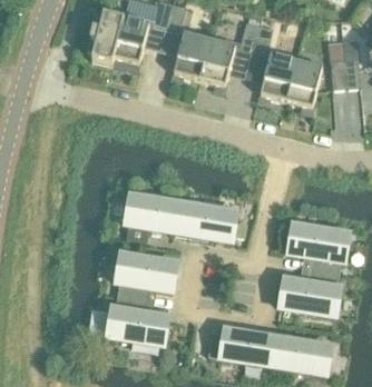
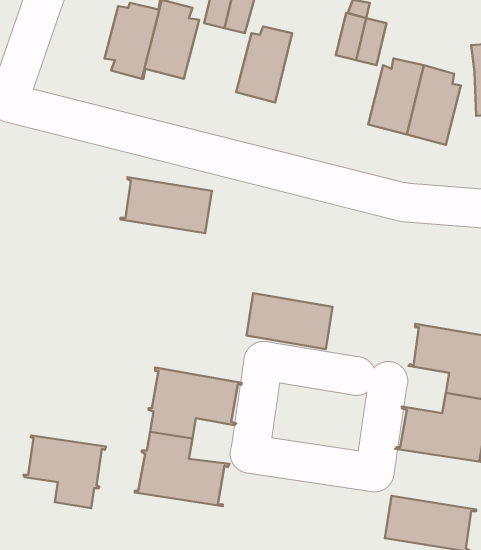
building: [199,33,235,86] -> none
building: [125,196,185,232] -> [121,177,212,233]
building: none -> [24,436,106,508]
building: [209,329,276,366] -> none

